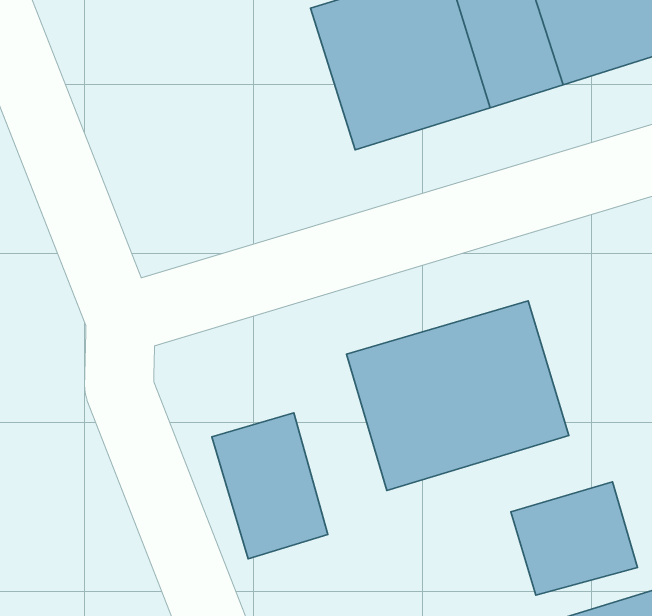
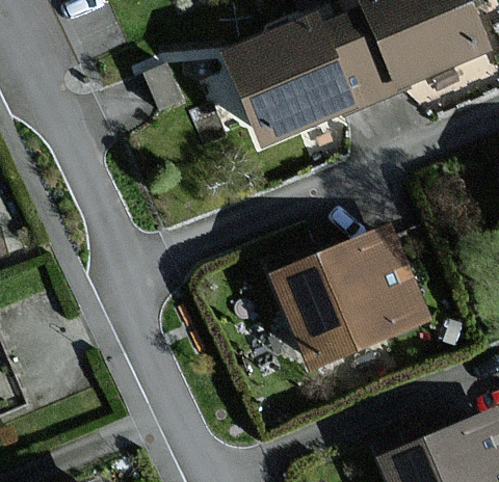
building: [212,413,328,559] -> none
building: [511,482,638,595] -> none

